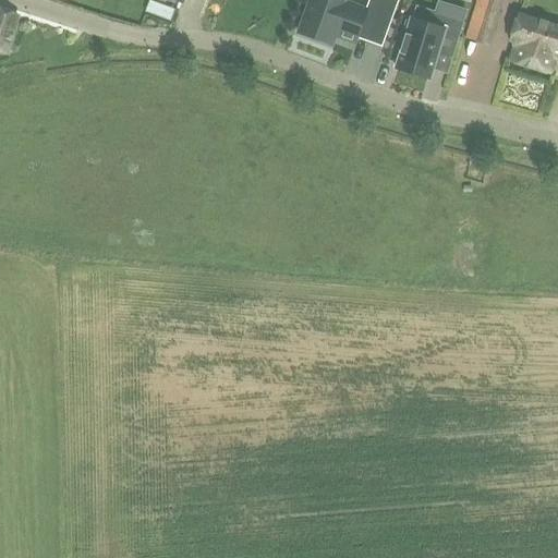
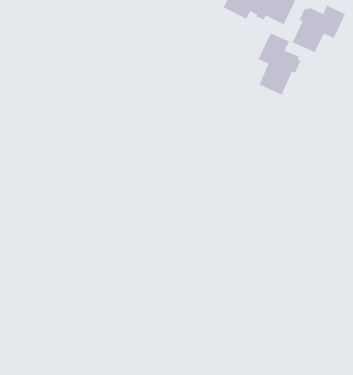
building: none -> [258,32,301,96]

